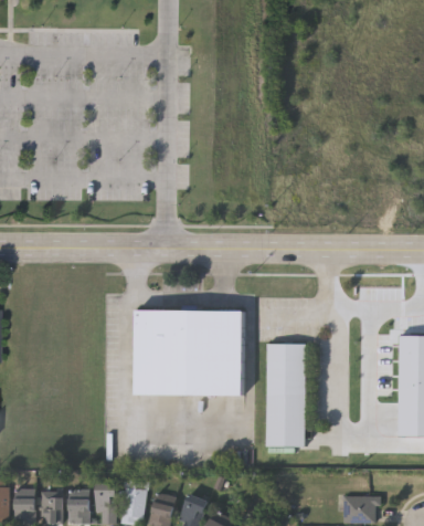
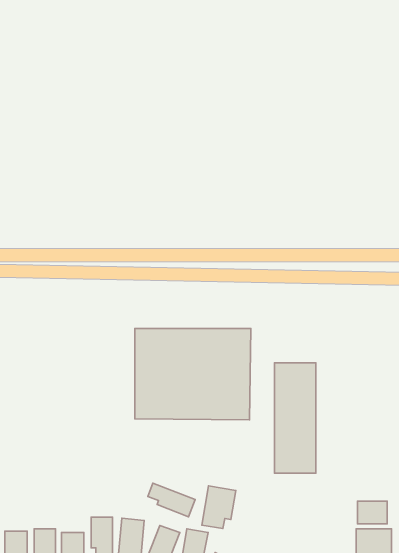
building: none -> [148,483,195,517]
building: none -> [202,486,236,529]
building: none -> [358,501,387,524]

